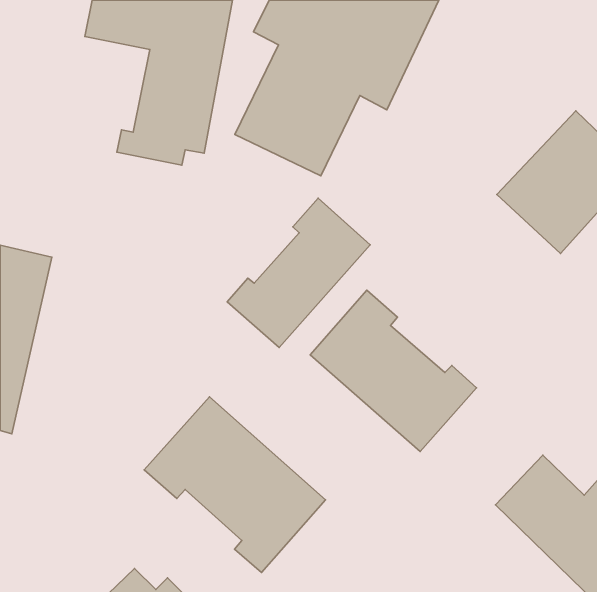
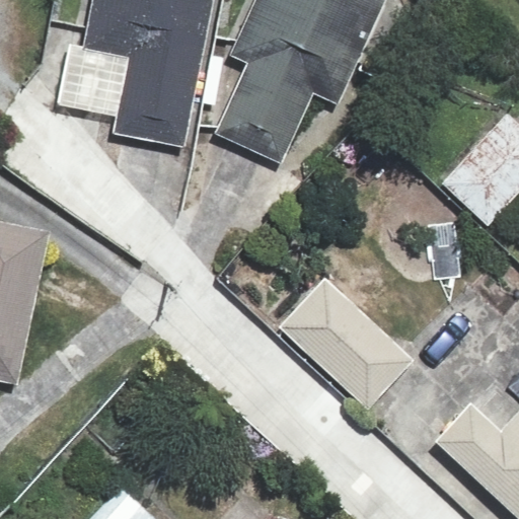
building: [227,198,370,347] -> none
building: [144,397,325,572] -> none

